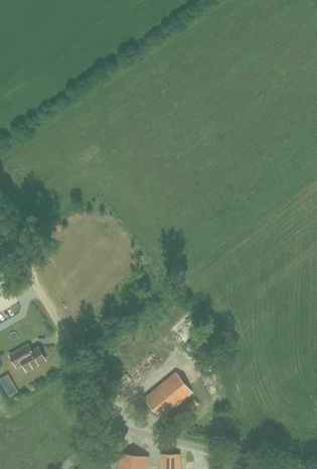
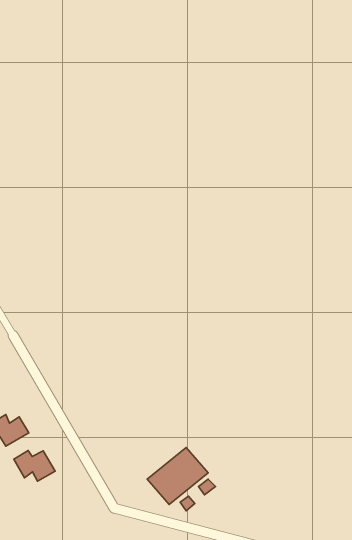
building: none -> [14,451,55,481]

